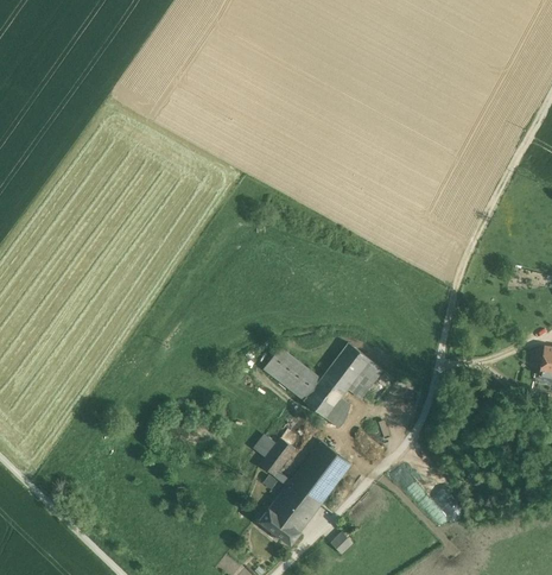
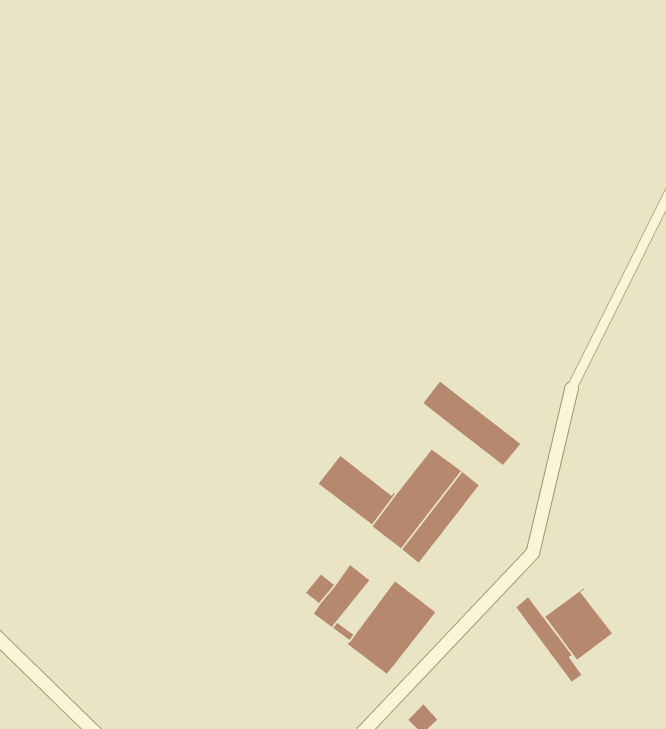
building: none -> [423,381,522,466]
building: none -> [544,587,613,661]
building: [259,487,315,544] -> none

